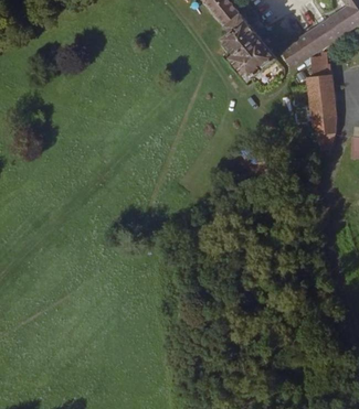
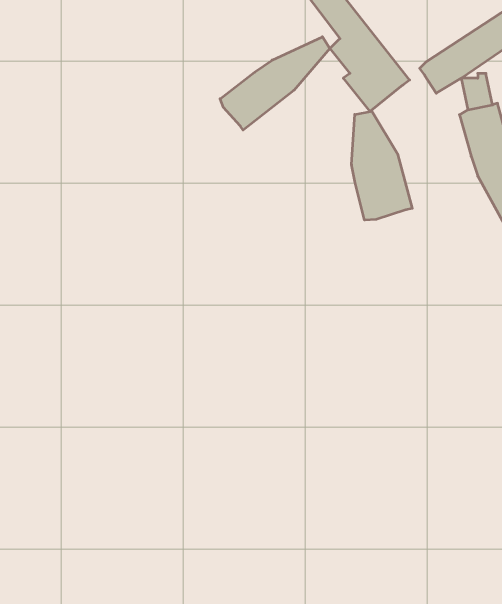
building: none -> [220,37,330,130]
building: none -> [352,111,412,220]

